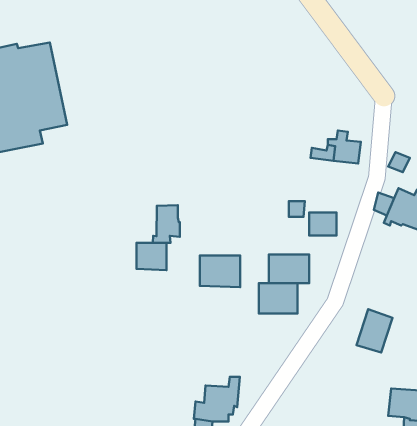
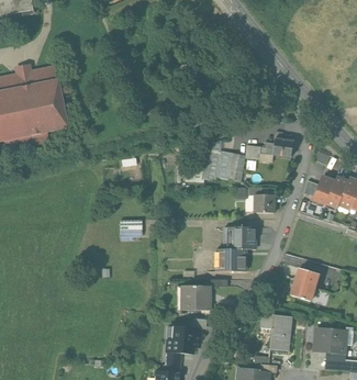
building: none -> [204,149,245,181]
building: [153,205,180,243] -> none
building: [200,256,240,287] -> [181,286,212,310]
building: none -> [260,314,291,350]

